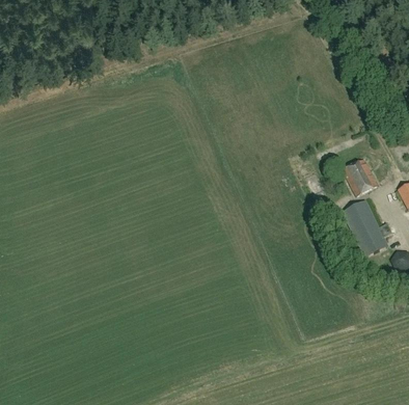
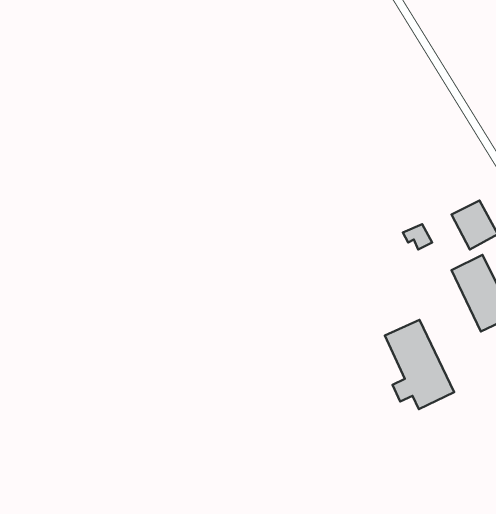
building: none -> [385,320,454,409]

